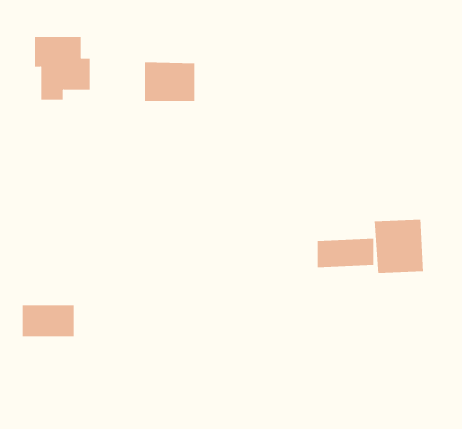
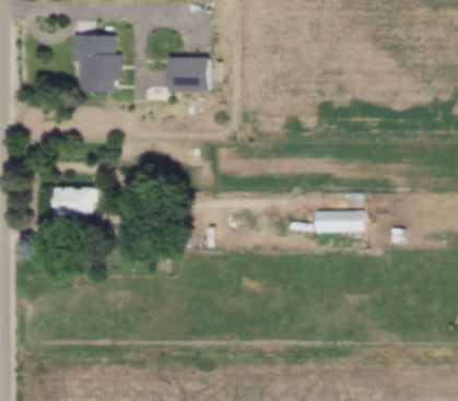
building: [374,219,423,274] -> none
building: [22,305,74,337] -> [50,188,95,215]

